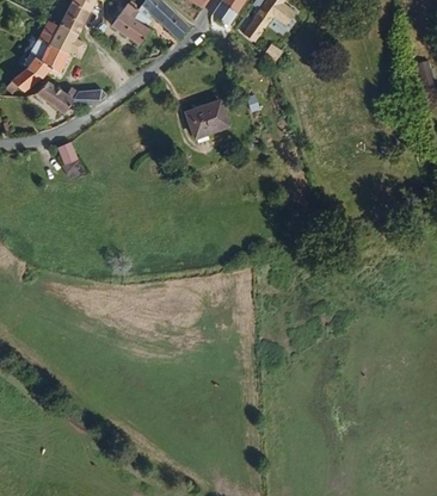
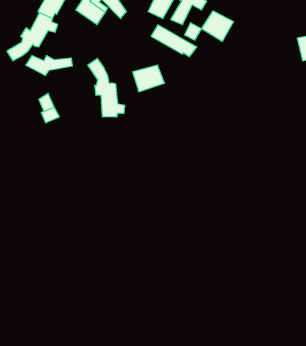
building: none -> [202,11,234,42]
building: none -> [151,25,197,57]
building: none -> [88,58,125,117]

